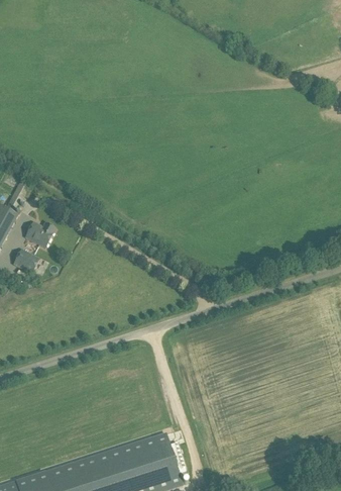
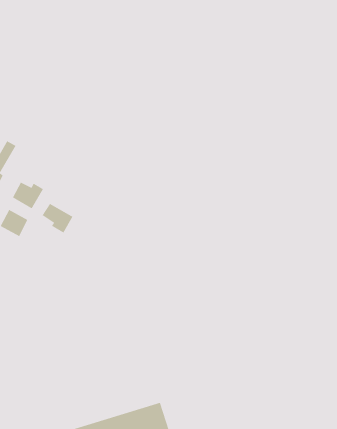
building: none -> [42,203,73,233]

